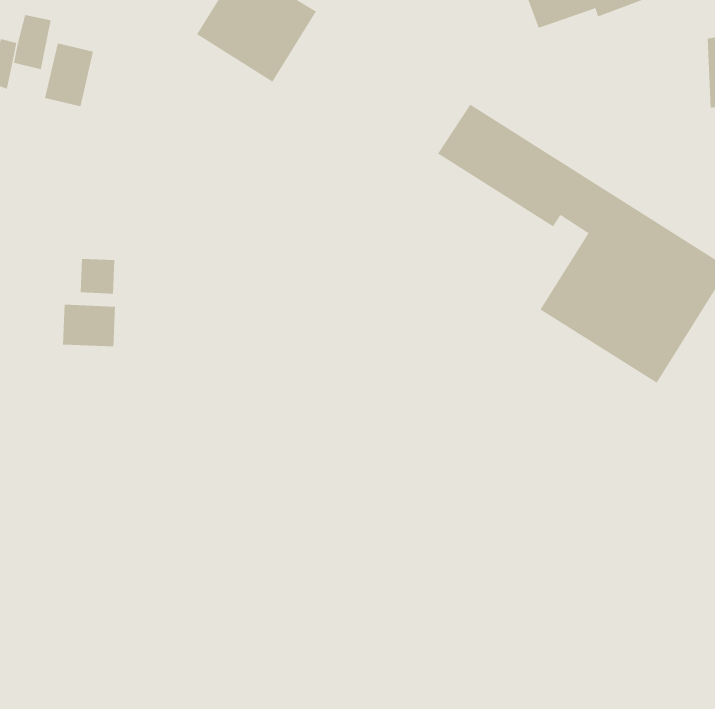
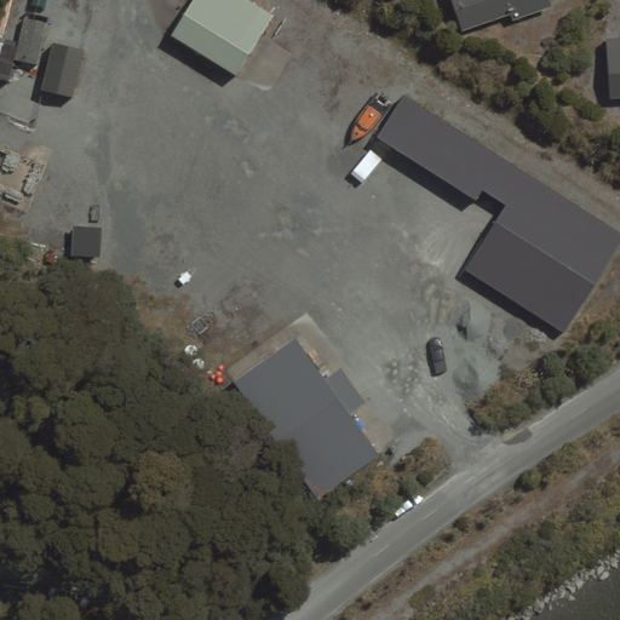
building: [63,304,115,347] -> none
building: none -> [232,338,380,500]

